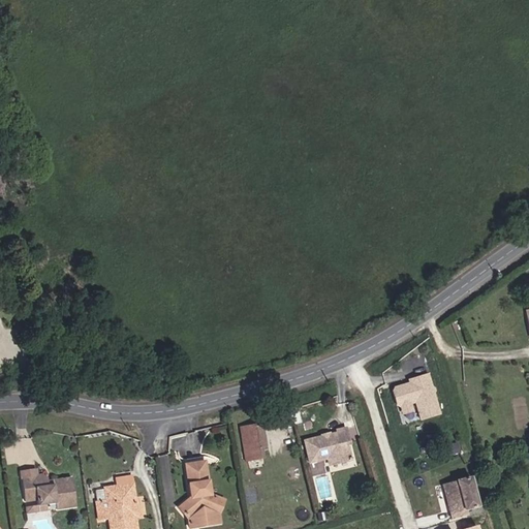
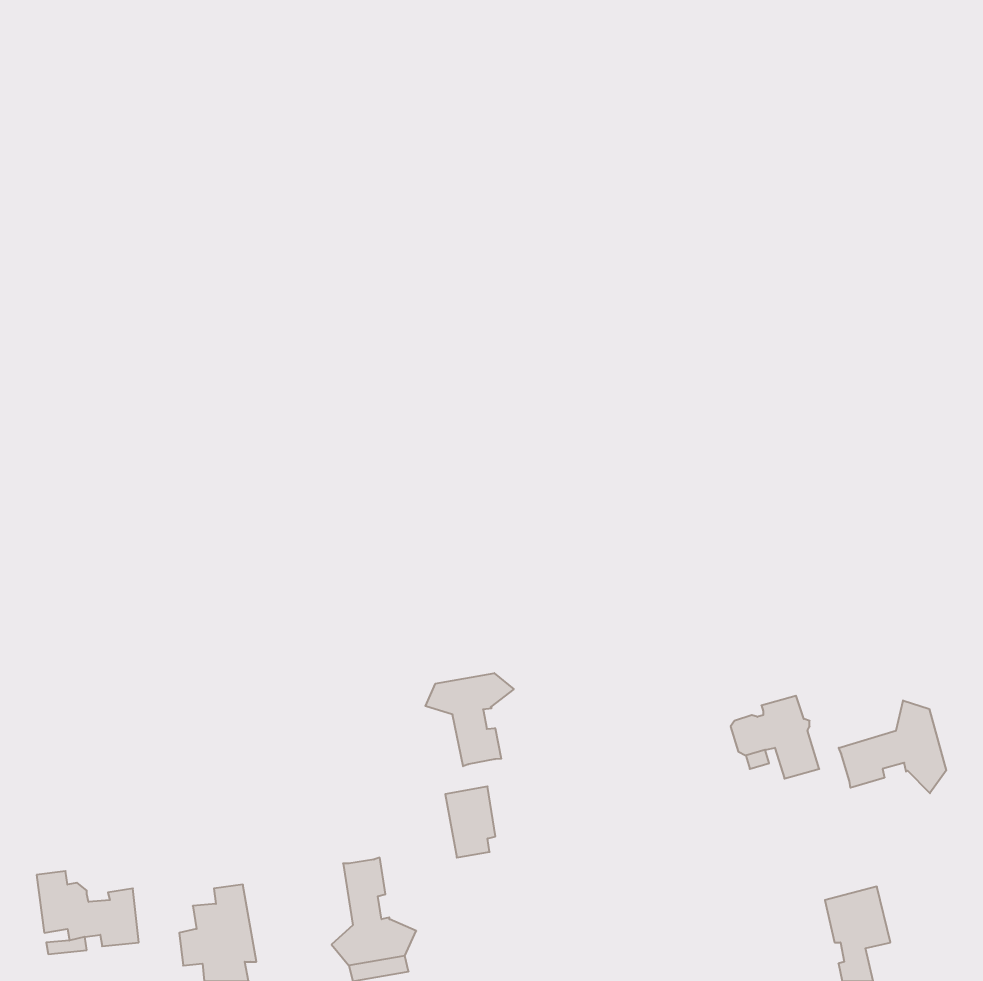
building: none -> [425,673,514,766]
building: none -> [839,700,946,793]
building: [305,427,351,462] -> none

